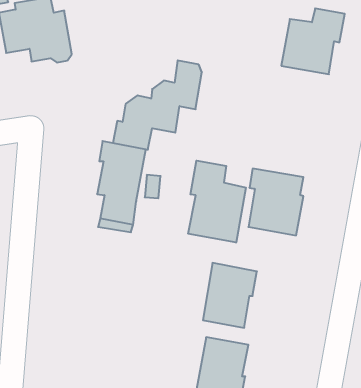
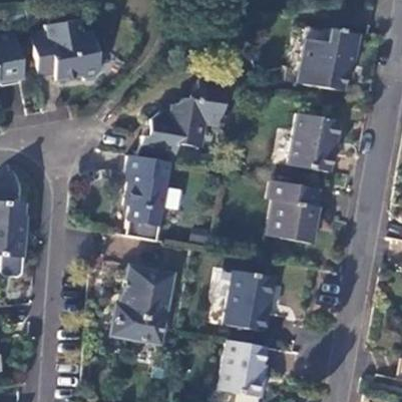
building: none -> [289,113,341,172]
building: [188,161,246,243] -> none
building: none -> [112,267,173,343]

